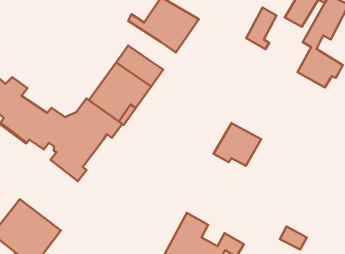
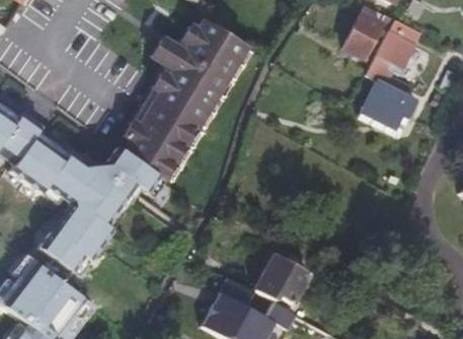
building: [246,7,276,49] -> none
building: none -> [156,49,218,107]
building: [214,123,261,166] -> [257,254,314,304]
building: none -> [38,214,101,269]

